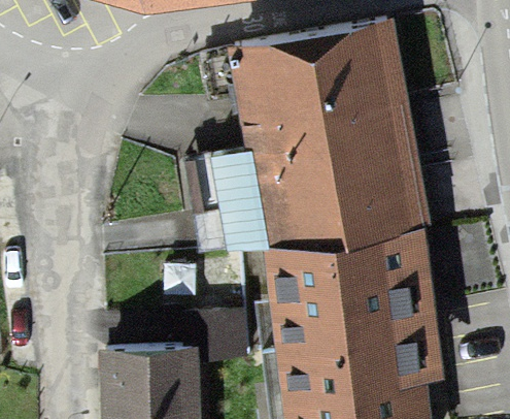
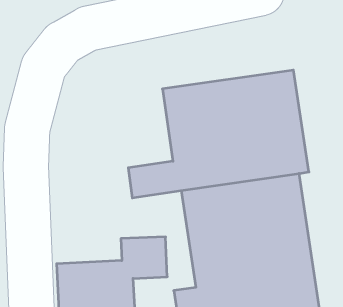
building: [204,31,405,125] -> none

